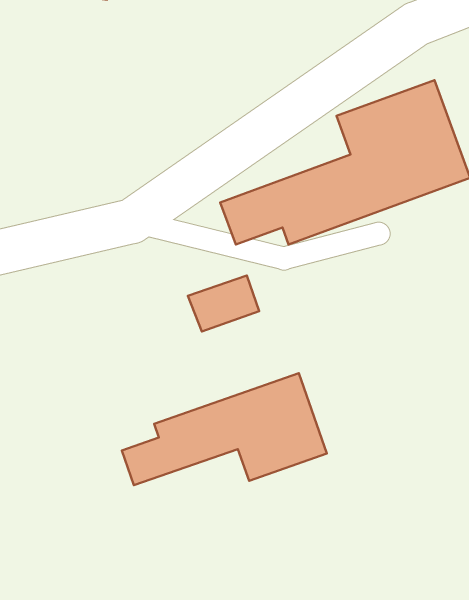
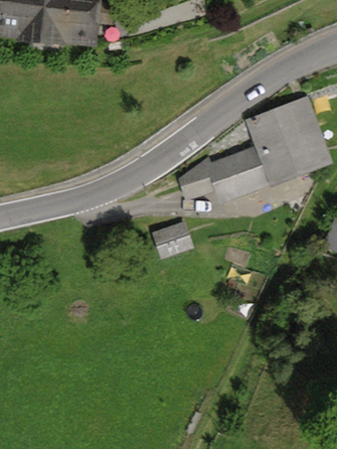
building: [122,373,327,485] -> none

